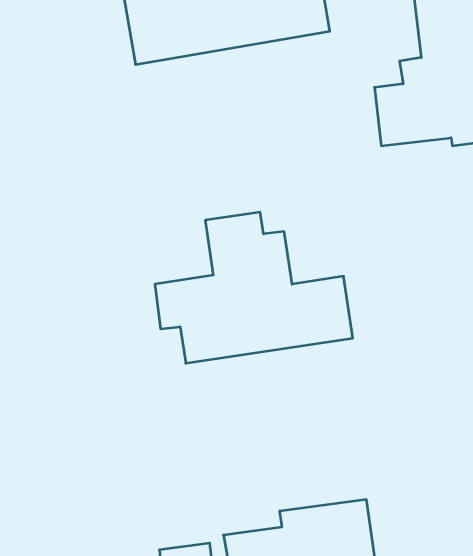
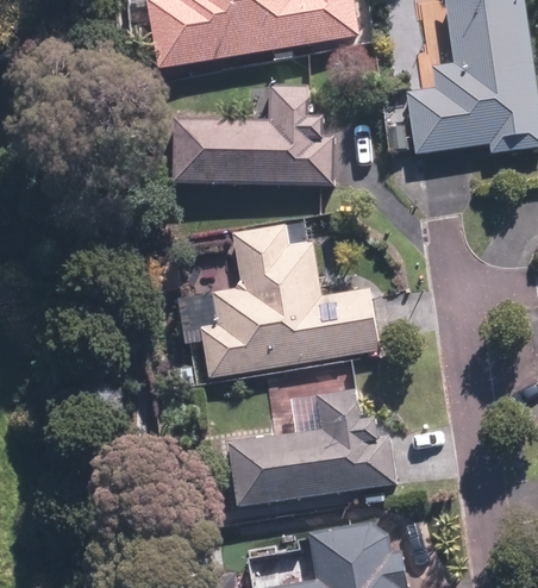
building: none -> [170,83,350,186]
building: none -> [226,389,395,505]

